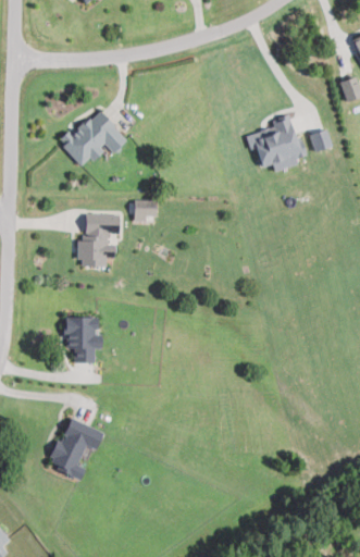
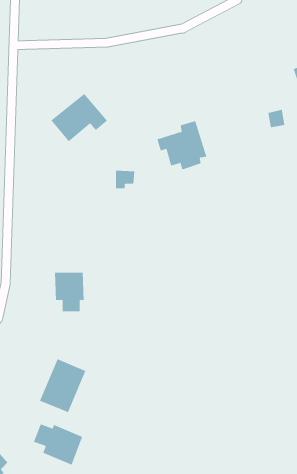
building: [246,113,305,171] -> [156,120,207,170]
building: [79,225,115,267] -> none
building: none -> [33,423,83,465]

